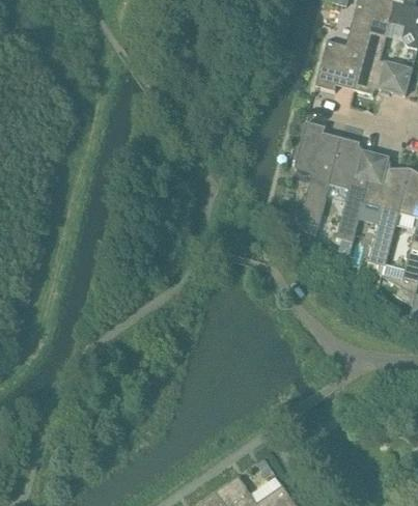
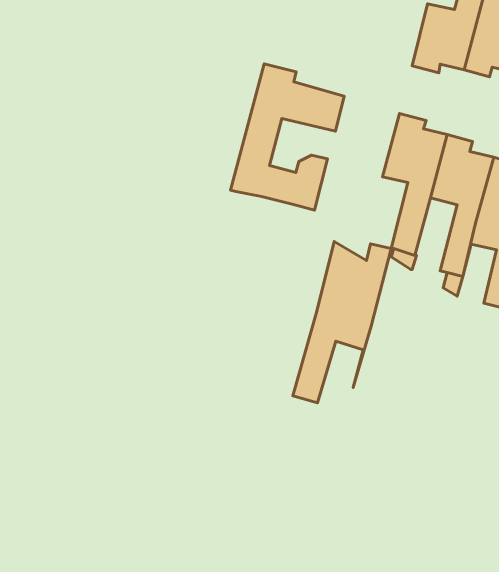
building: none -> [231,64,344,210]
building: none -> [293,241,391,403]

